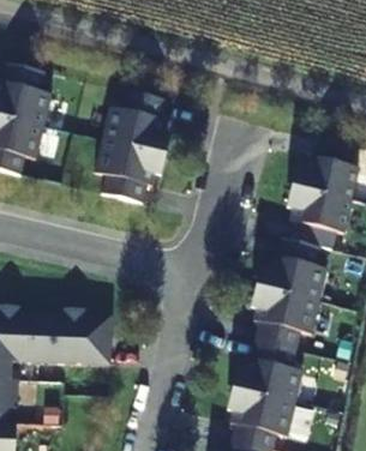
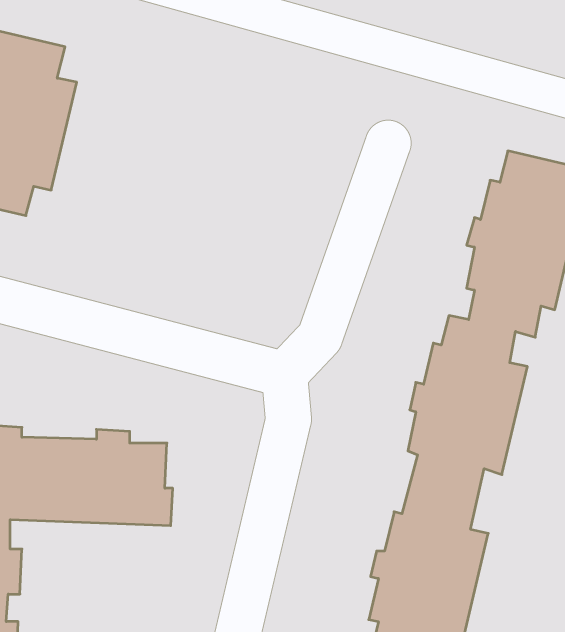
building: [95,92,168,205] -> none

